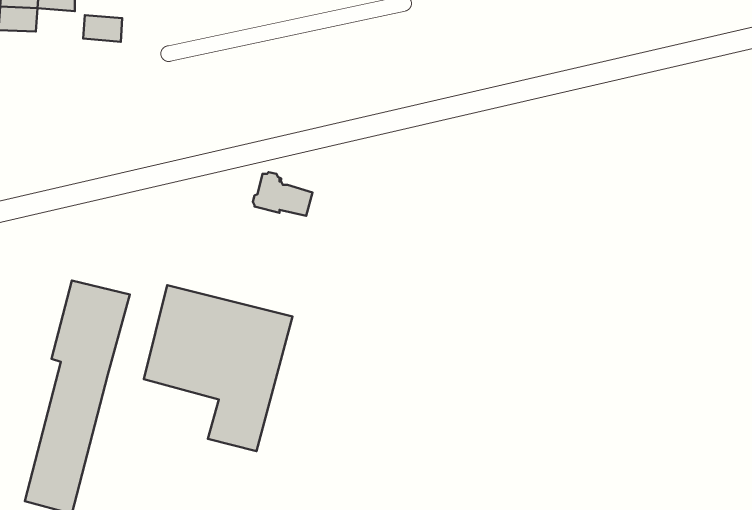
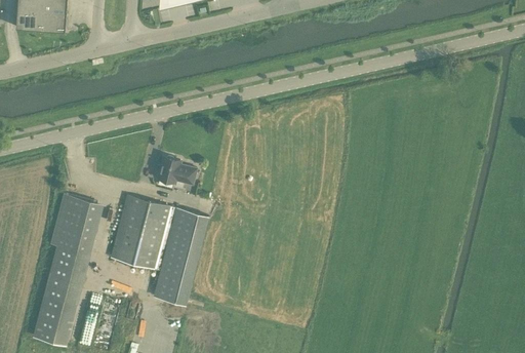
building: [83,15,122,42] -> [41,13,67,31]
building: [253,172,312,216] -> [158,155,197,184]

